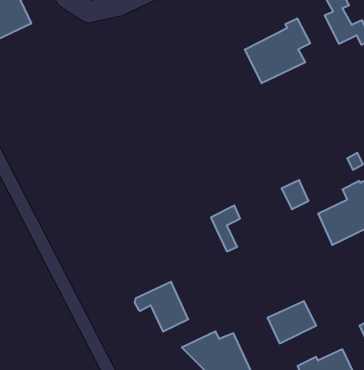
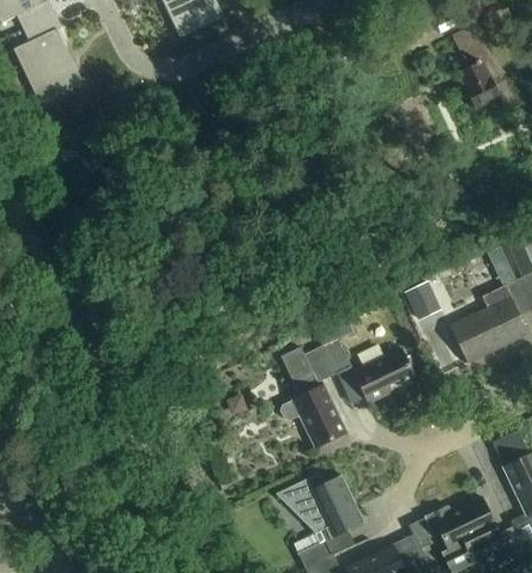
building: [245,18,310,83] -> none
building: none -> [278,346,333,385]
building: [135,282,188,332] -> [278,385,346,449]
building: [267,301,316,343] -> [353,349,416,403]

